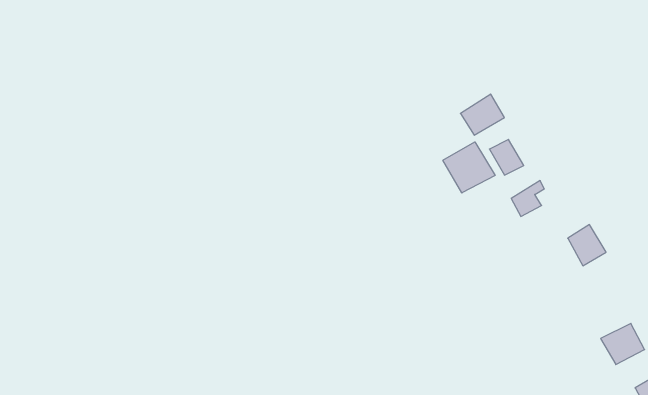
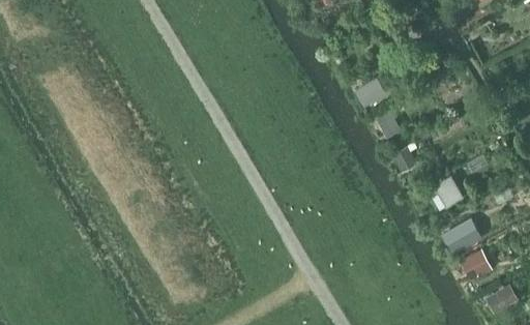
building: [443,142,495,193] -> none
building: none -> [443,218,481,253]

